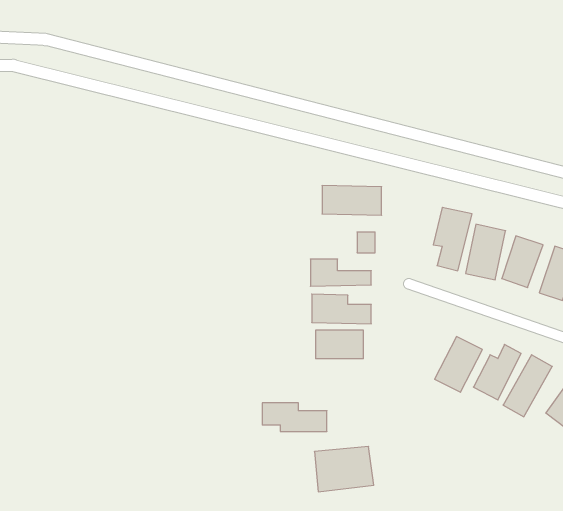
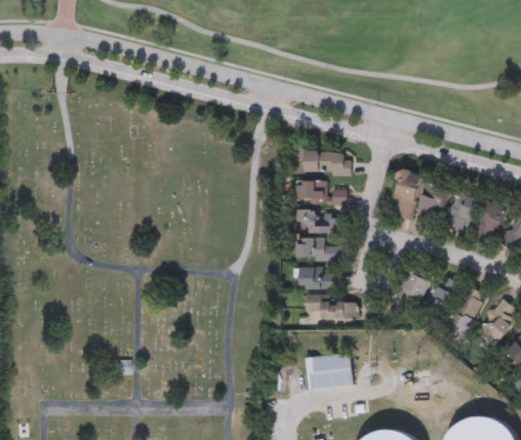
building: none -> [297,179,327,201]
building: [262,403,327,431] -> [307,294,358,317]

